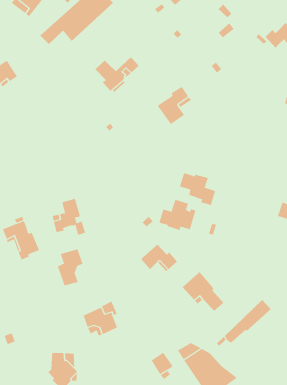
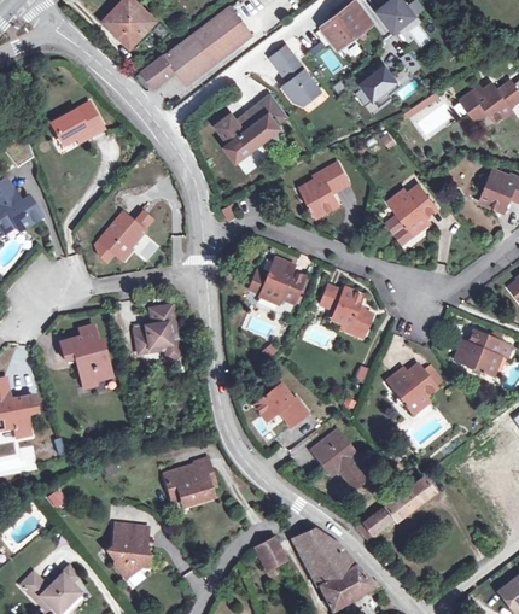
building: none -> [268,46,319,104]
building: none -> [354,63,398,106]
building: none -> [237,97,286,131]
building: none -> [385,186,437,242]
building: none -> [98,214,144,259]
building: [158,199,196,231] -> [247,258,303,304]
building: none -> [386,364,435,414]
building: [57,248,83,286] -> none

